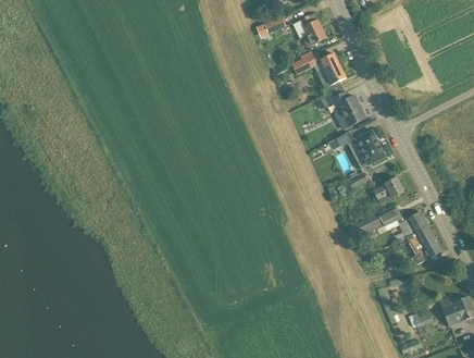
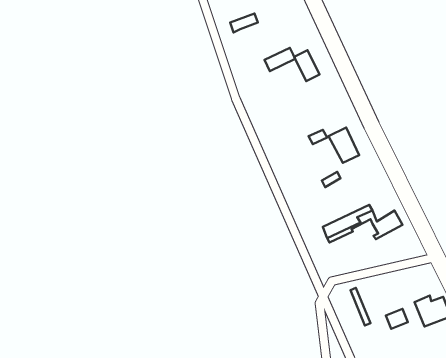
building: [300,13,325,47] -> none
building: [332,91,365,126] -> none
building: [373,176,403,203] -> none
building: [401,225,441,258] -> none

